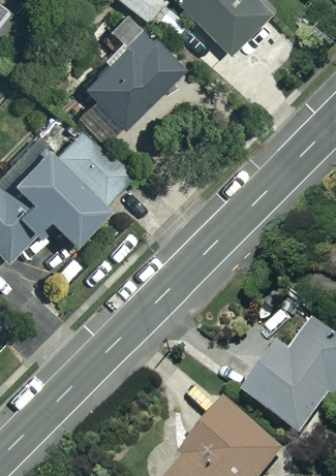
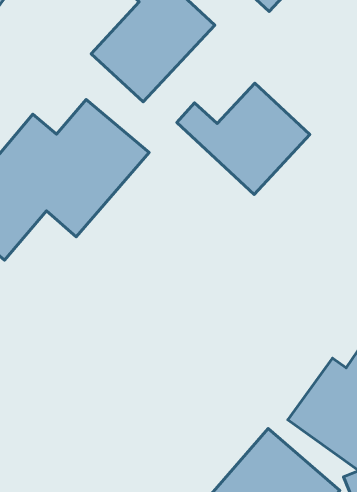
building: none -> [177,83,310,195]

